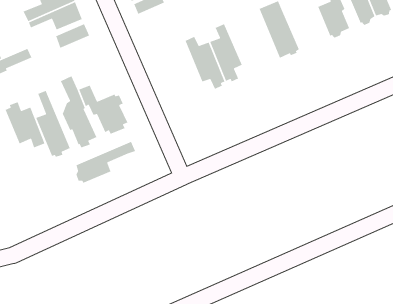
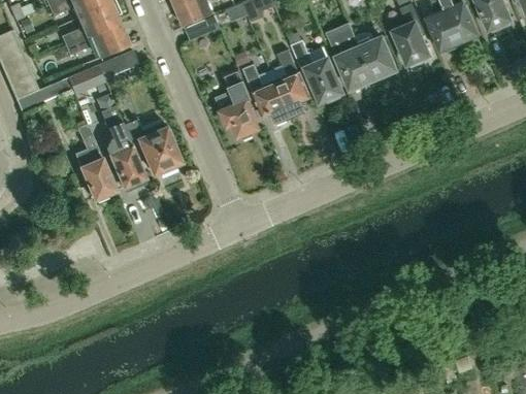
building: none -> [354,33,395,79]
building: none -> [291,40,342,101]
building: none -> [66,63,104,93]
building: none -> [220,69,259,138]
building: [5,101,45,149] -> none
building: [76,141,136,184] -> none

